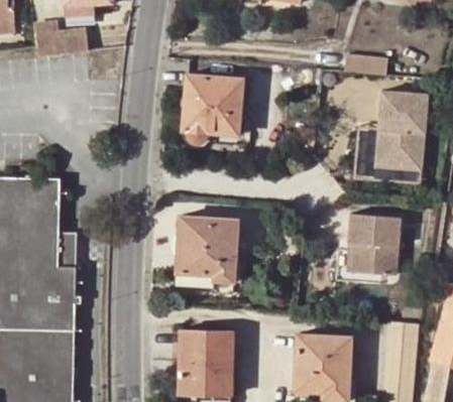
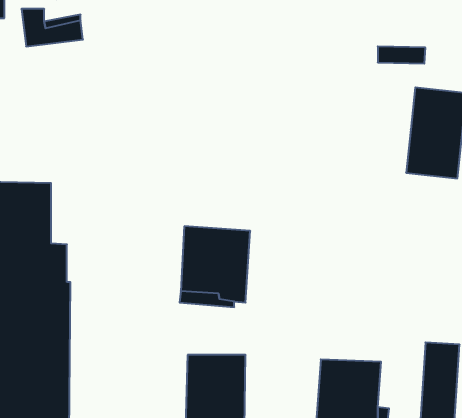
building: [182,77,240,140] -> none
building: [352,128,420,186] -> none
building: [345,215,398,276] -> none

